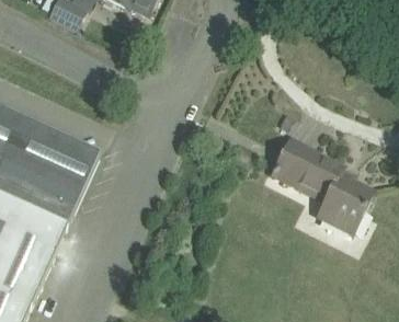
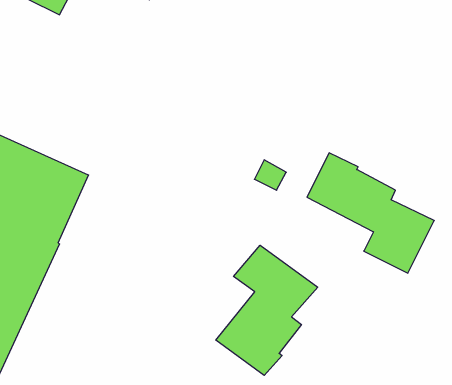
building: none -> [216,245,318,375]

